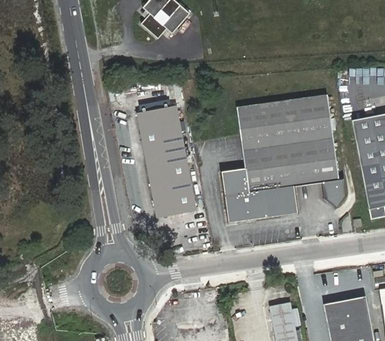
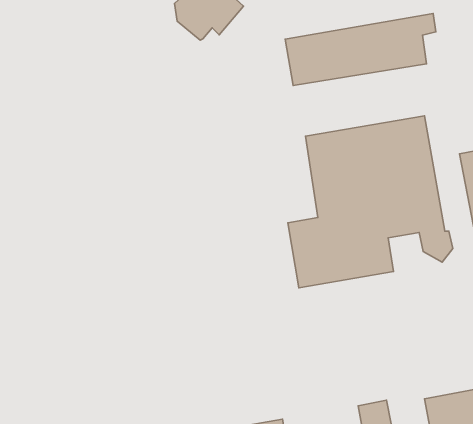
building: none -> [285,14,436,86]
building: [136,107,193,217] -> none

